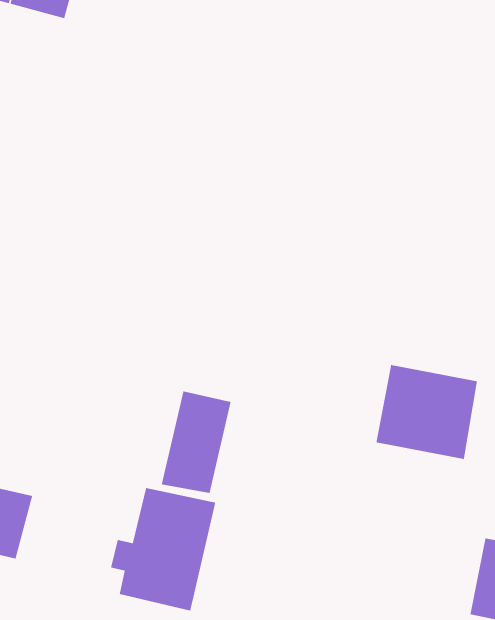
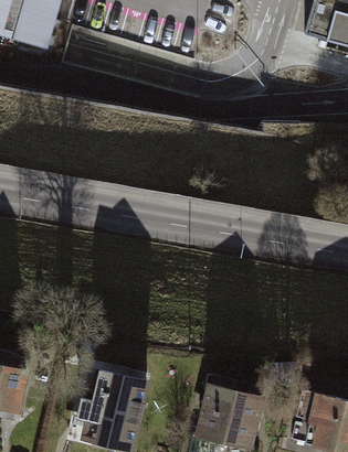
building: [375,364,478,460] -> [201,380,268,443]
building: [161,391,232,494] -> none

